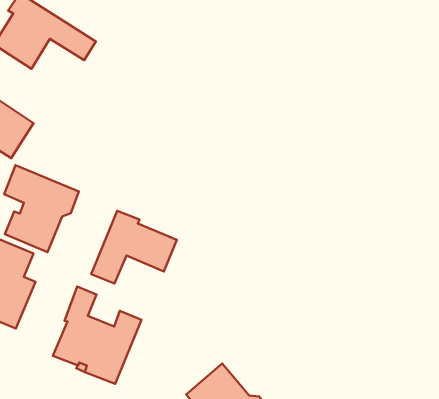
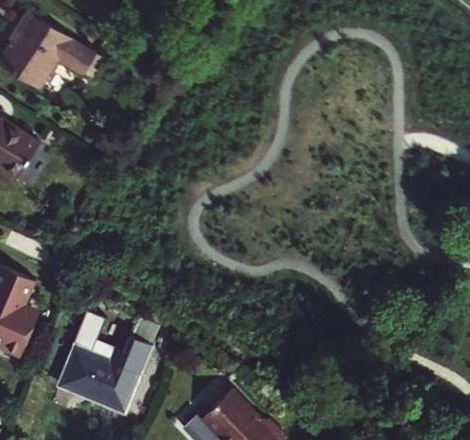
building: [4,165,79,252] -> none
building: [91,211,177,284] -> none

